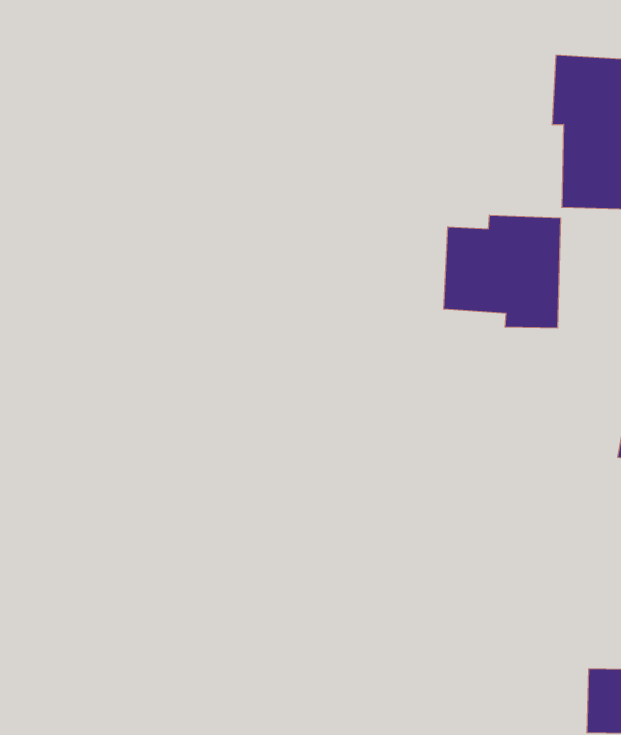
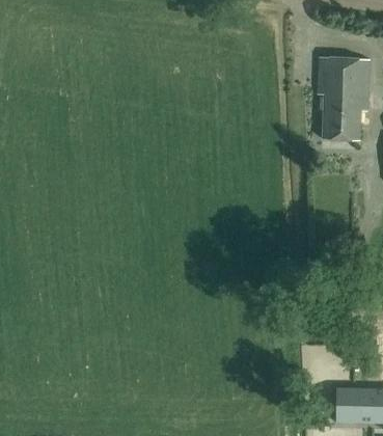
building: [444,215,560,328] -> none

